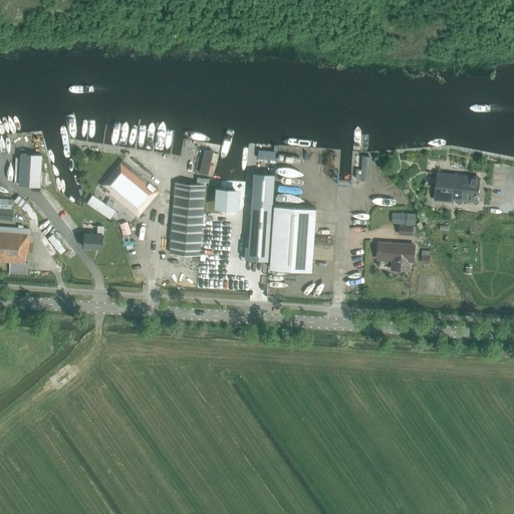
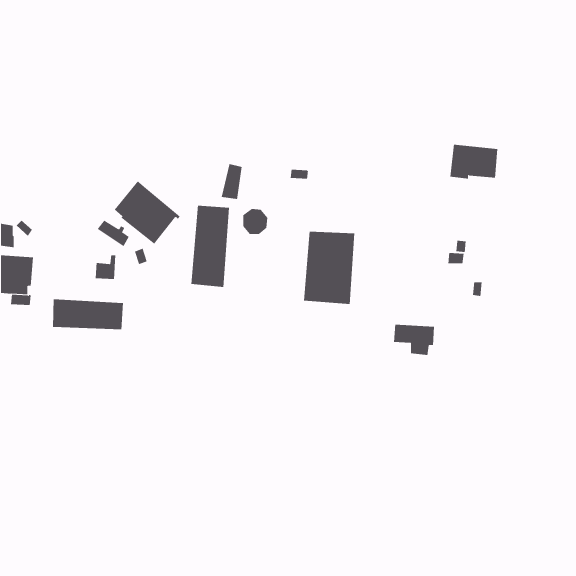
building: [15,155,41,187] -> none
building: [434,172,477,203] -> [450,144,498,179]
building: [244,173,275,260] -> none
building: [376,243,414,271] -> [393,324,435,356]
building: none -> [52,298,124,330]

